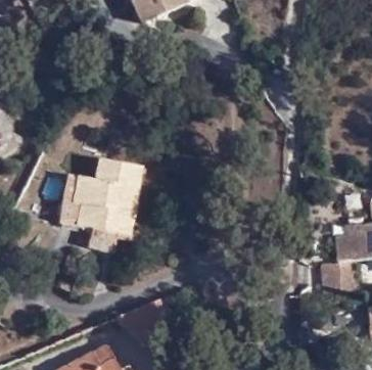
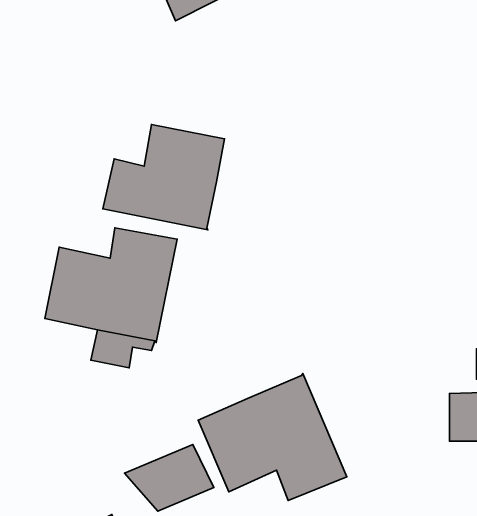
building: none -> [103,124,224,230]
building: none -> [198,374,347,501]

